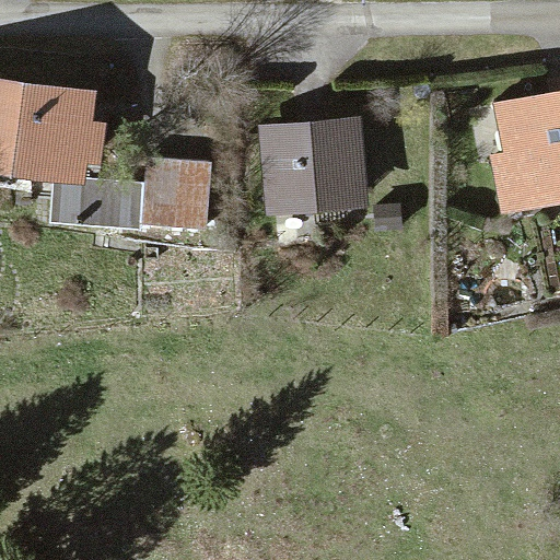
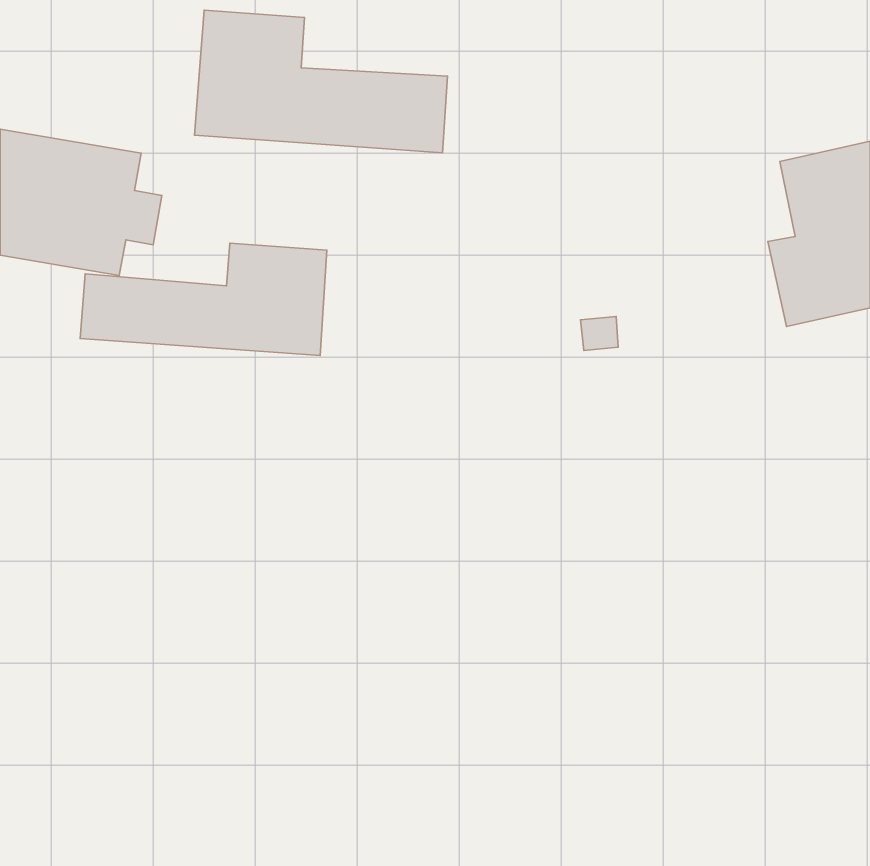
building: none -> [195,10,448,153]
building: [264,124,363,211] -> none

